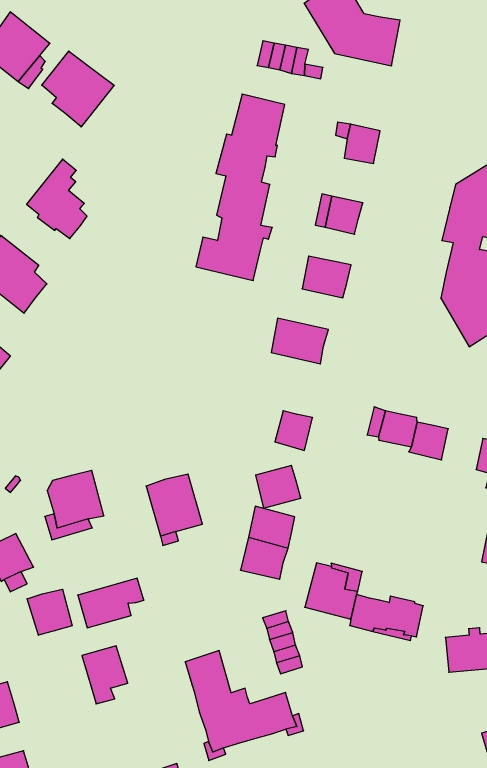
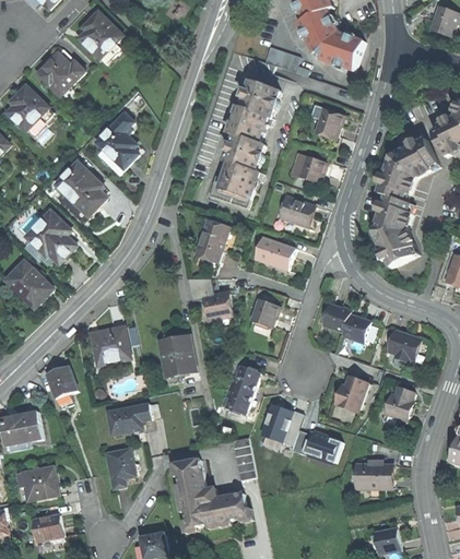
building: [42,51,114,127] -> none
building: none -> [194,218,229,260]
building: [256,465,301,508] -> [203,290,233,318]
building: none -> [335,374,367,409]
building: [27,589,72,635] -> none

